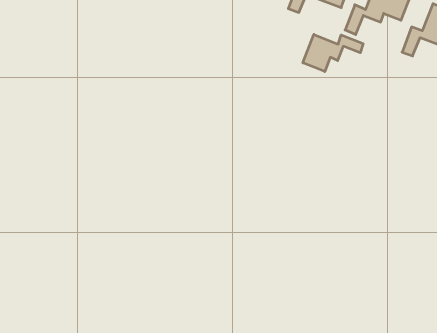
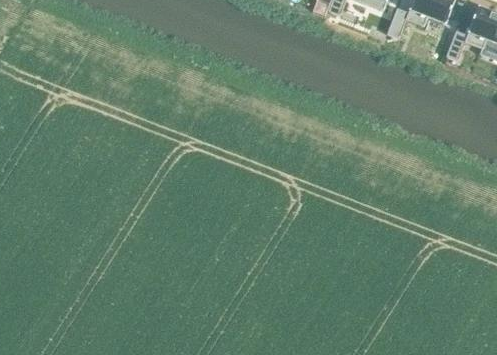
building: [303,34,363,72] -> none

